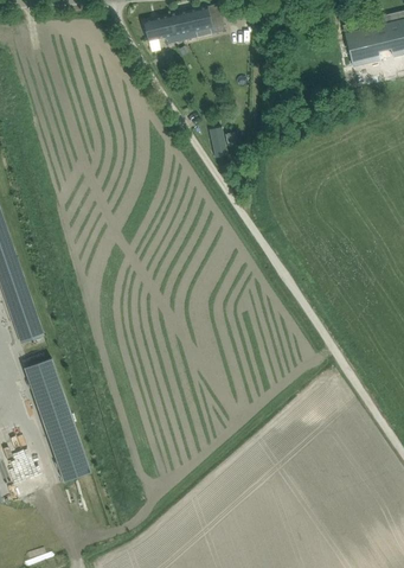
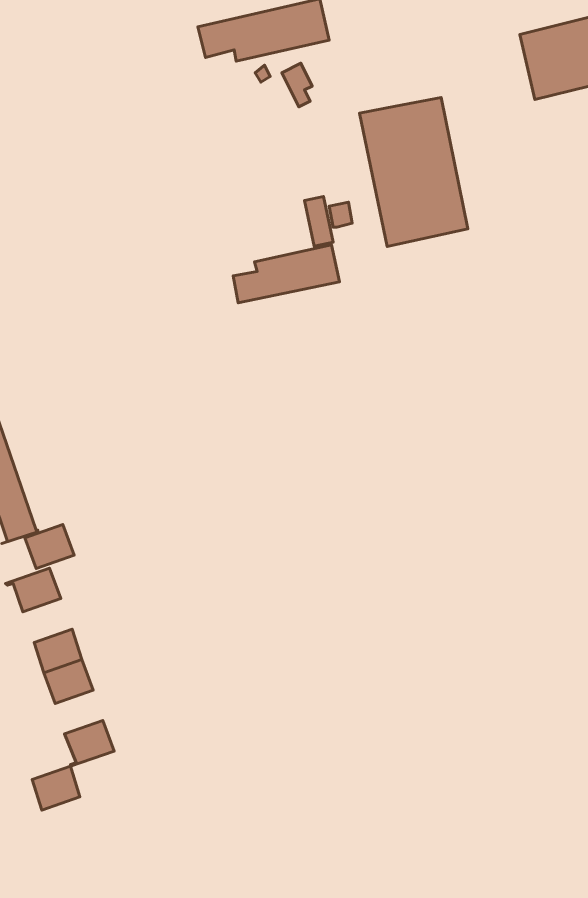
building: none -> [360,98,468,246]
building: none -> [233,245,339,303]
building: [32,378,63,406] -> [25,525,74,568]
building: [52,435,82,462] -> [32,766,80,810]

